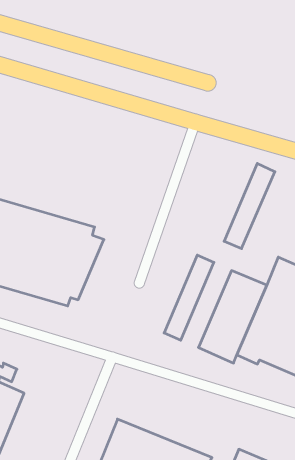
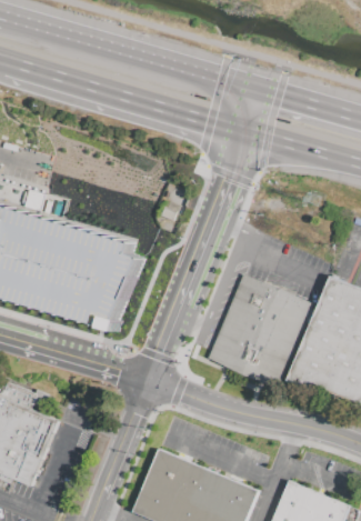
building: [224,163,275,249] -> [227,281,281,372]

